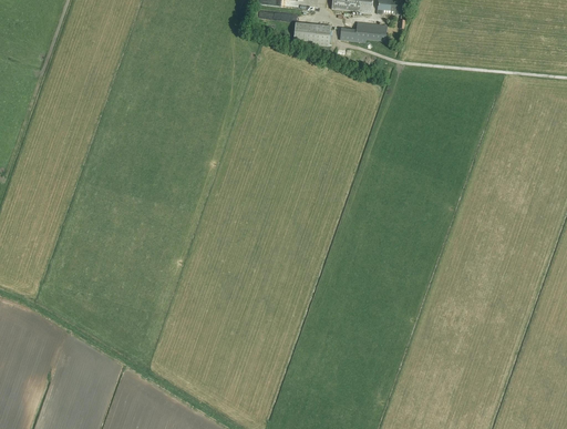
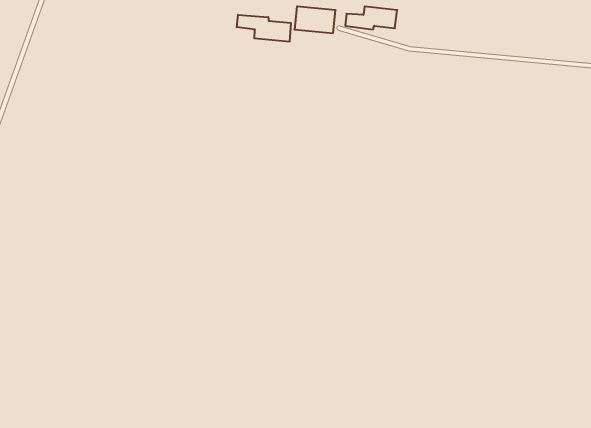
building: none -> [237,15,291,42]

